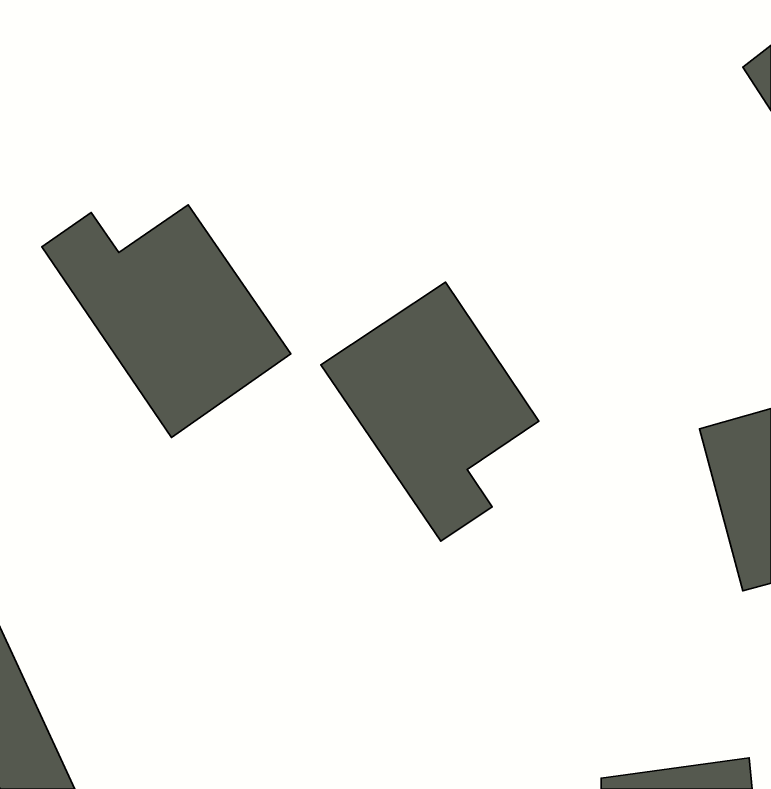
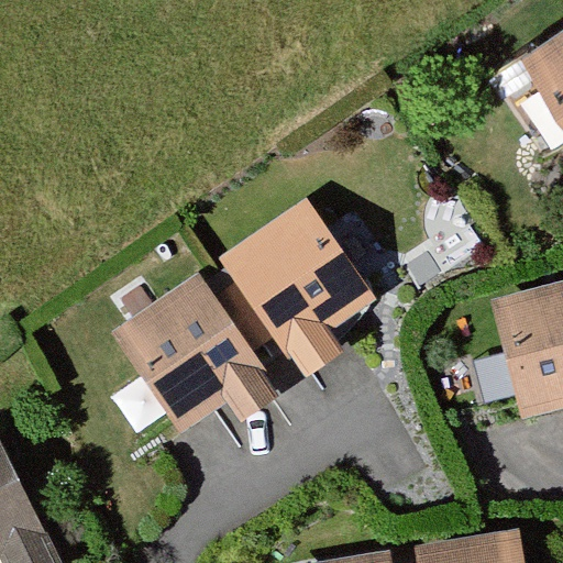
building: [42,205,291,438] -> none
building: none -> [113,273,286,430]

